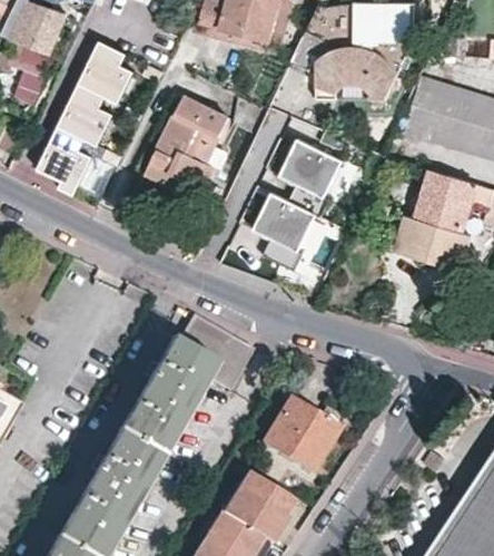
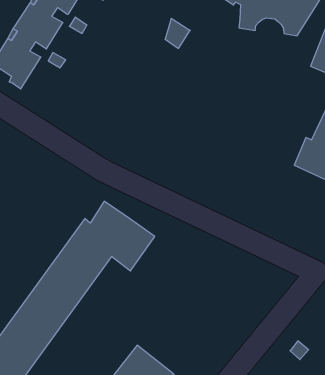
building: [150,100,230,191] -> none
building: [256,139,345,272] -> none
building: [257,397,335,475] -> none

